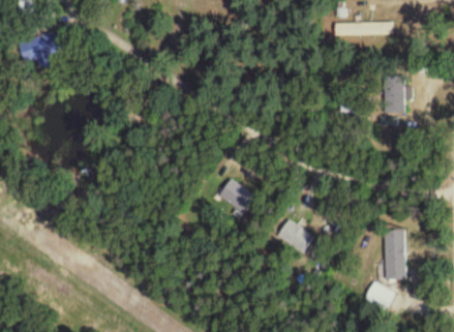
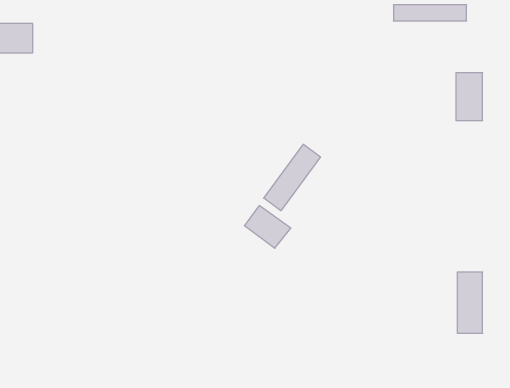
building: none -> [264,144,320,211]
building: [277,218,314,253] -> none
building: [364,281,396,311] -> none

